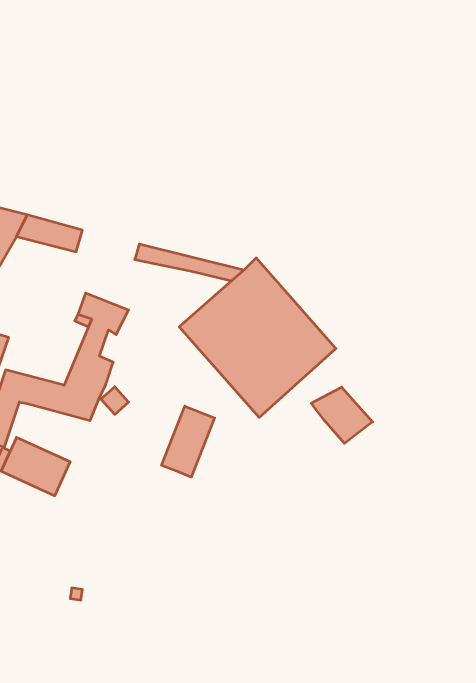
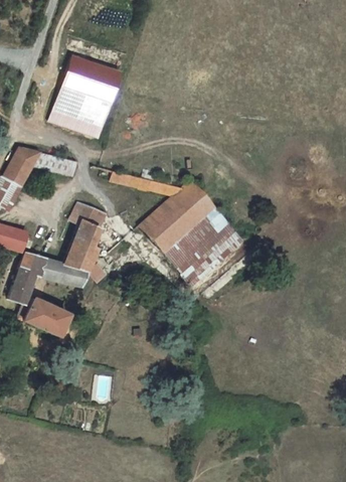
building: none -> [49,55,120,137]
building: [311,387,373,443] -> none
building: [162,406,215,477] -> none

